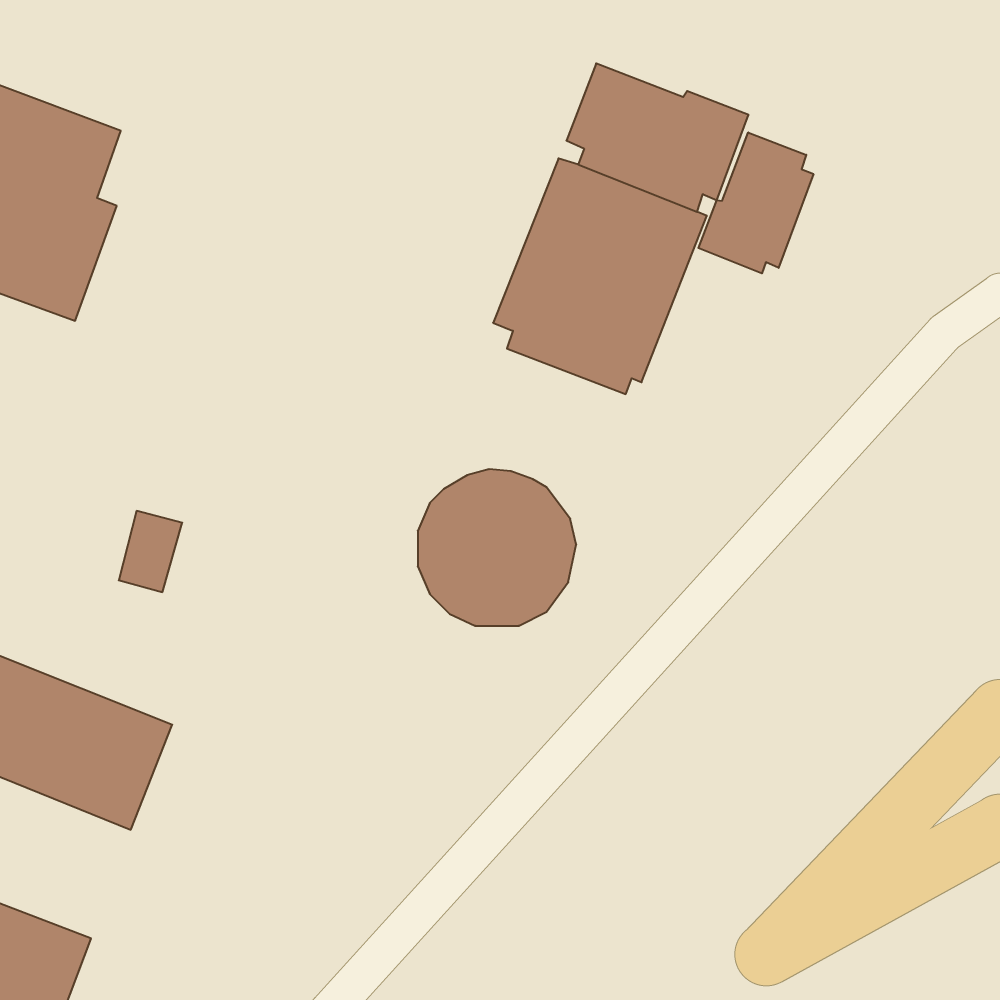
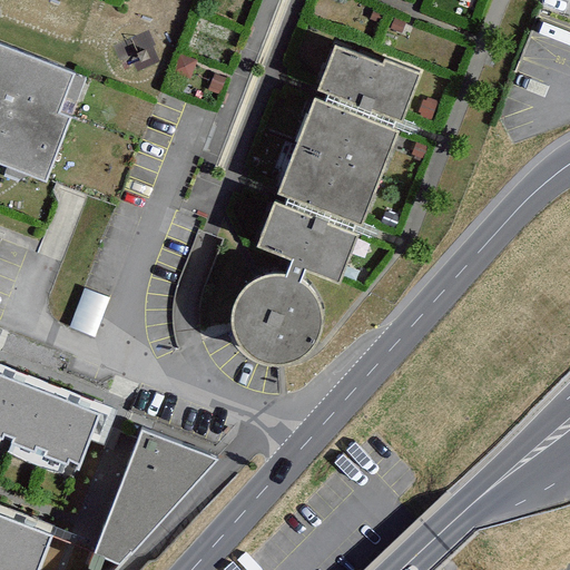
building: [698,132,813,273] -> none
building: none -> [258,199,358,278]
building: none -> [90,430,217,561]

